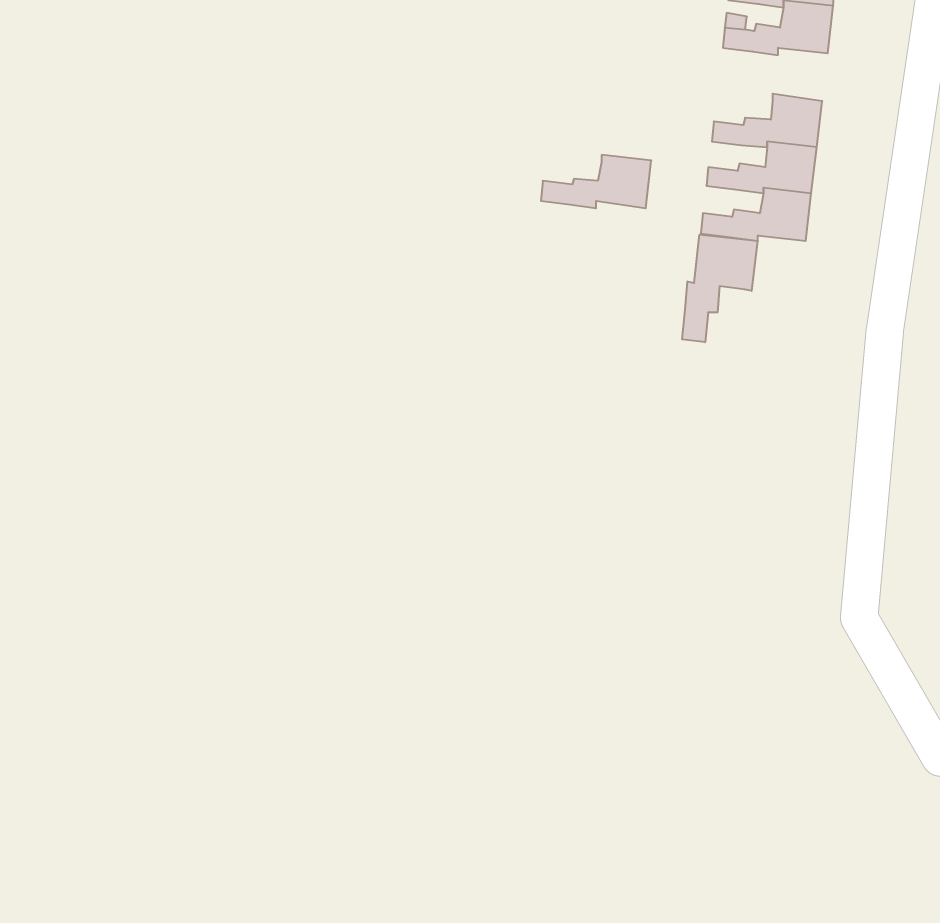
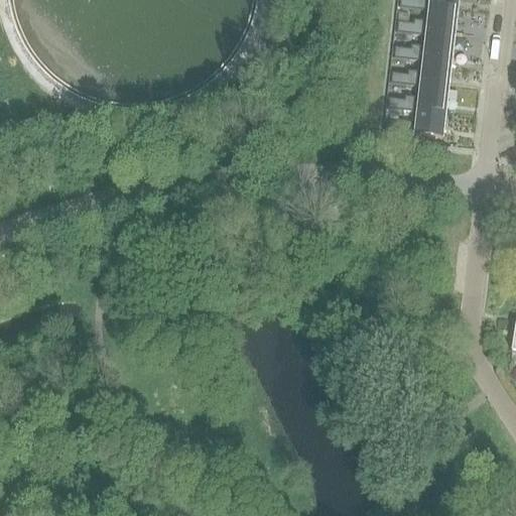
building: [541,155,651,208] -> [393,26,454,55]
building: [682,235,757,342] -> none

